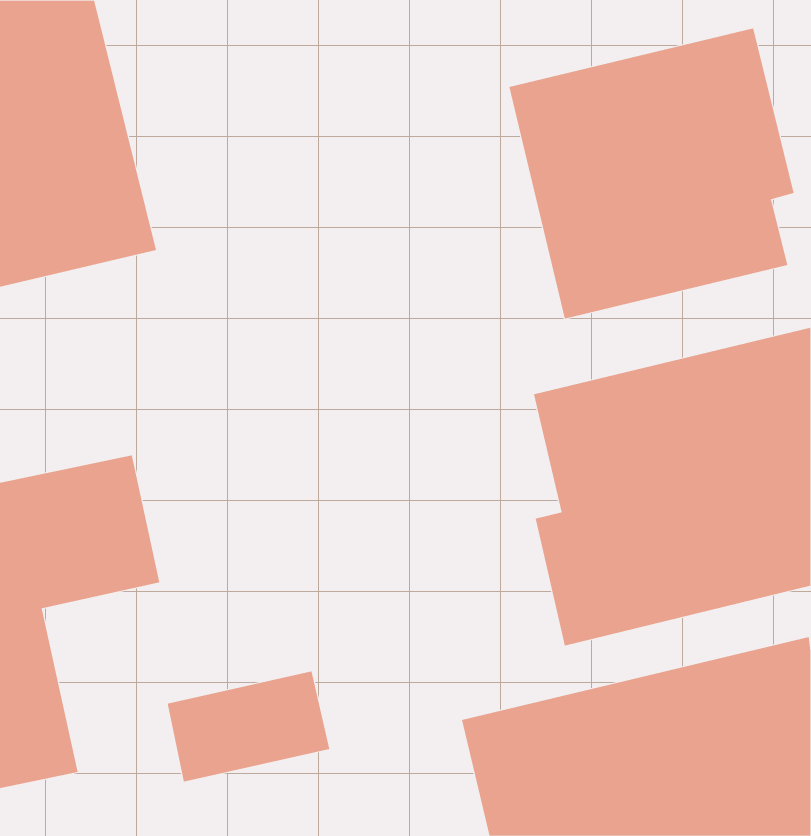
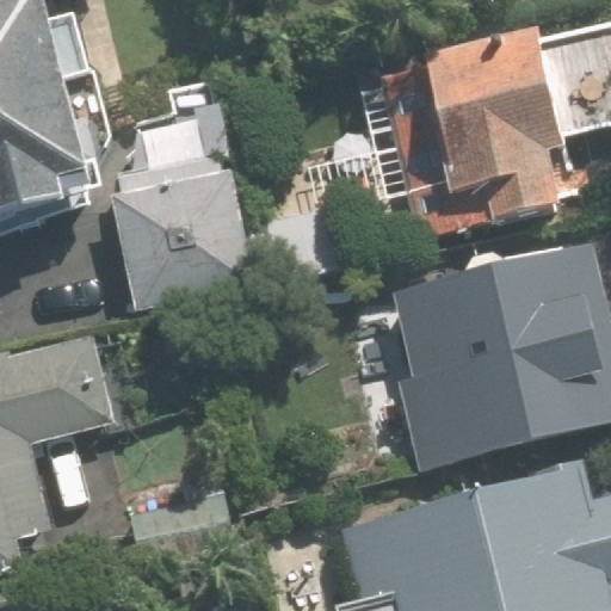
building: none -> [116,165,254,307]

